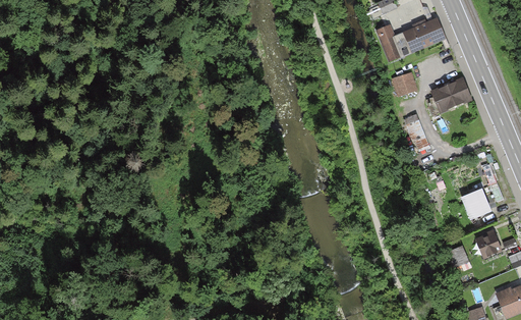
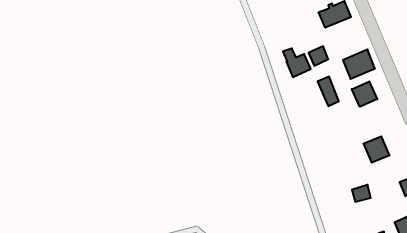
building: [377,25,411,61] -> [283,48,311,77]
building: none -> [352,81,377,107]
building: [475,228,504,260] -> none

